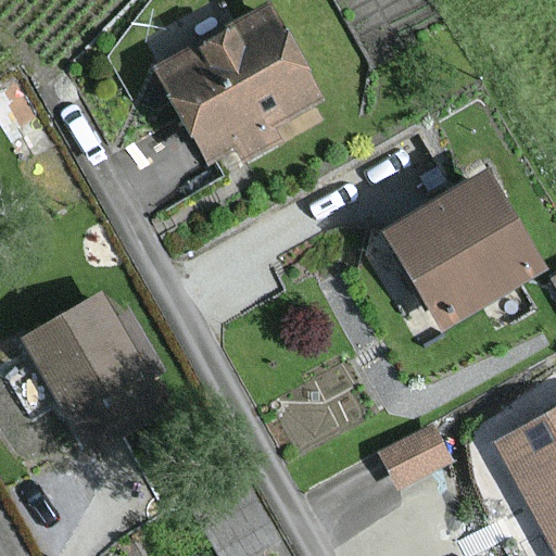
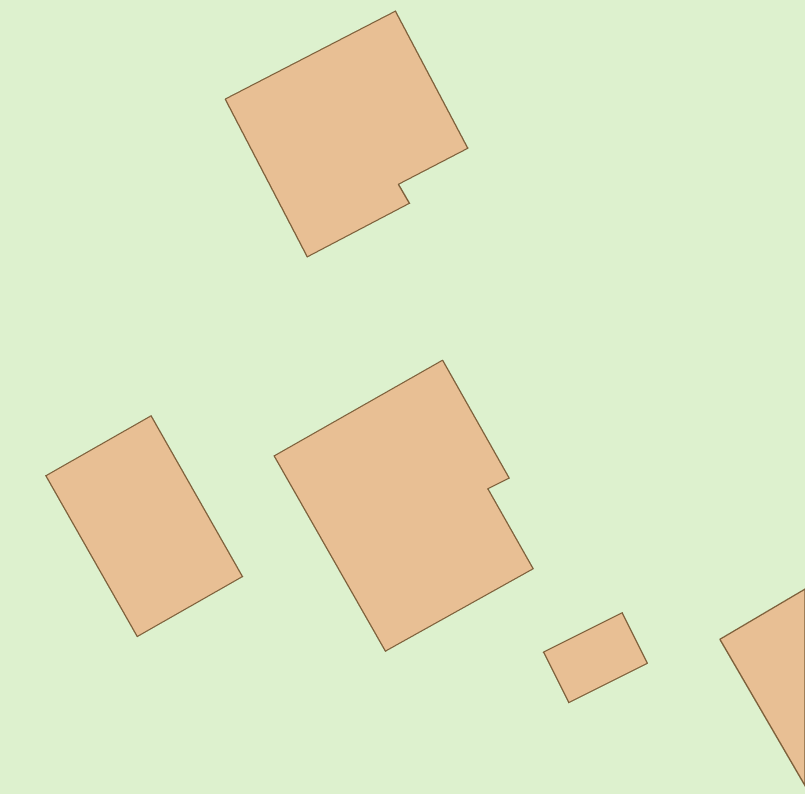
building: [383,174,541,326] -> none
building: none -> [274,360,533,651]

